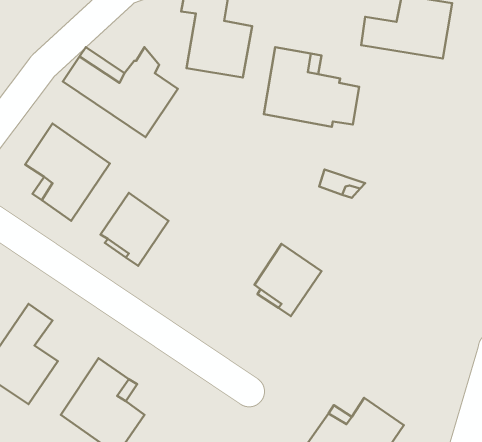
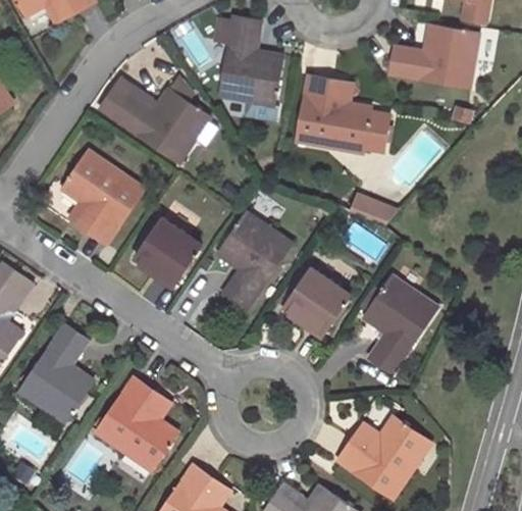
building: none -> [217,212,292,310]
building: none -> [362,275,437,374]

